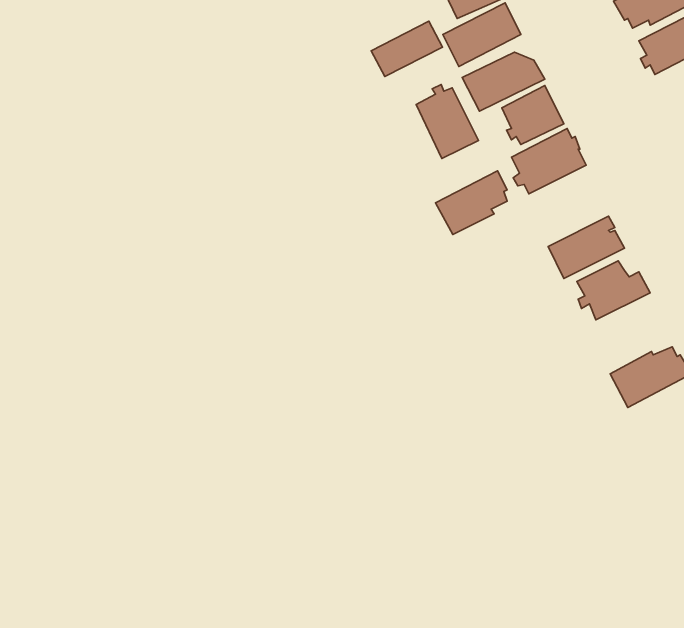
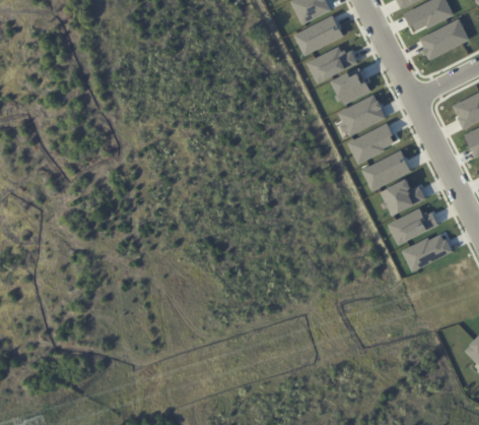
building: [371,21,442,77] -> none
building: [416,84,479,159] -> none
building: [435,171,507,235] -> [347,123,393,164]
building: none -> [388,208,438,245]

